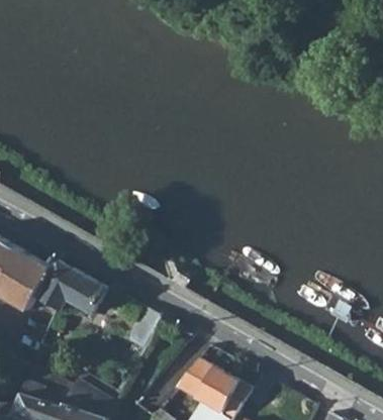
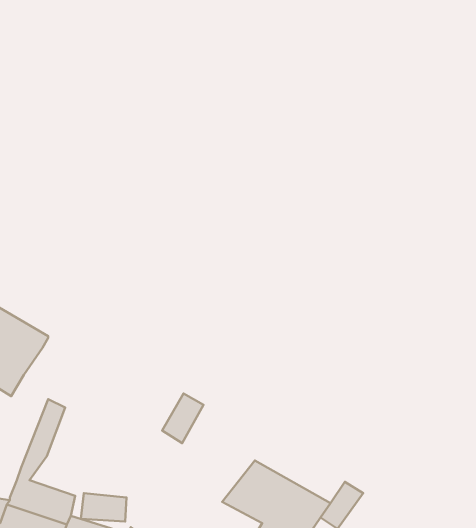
building: [34,261,106,313] -> none

